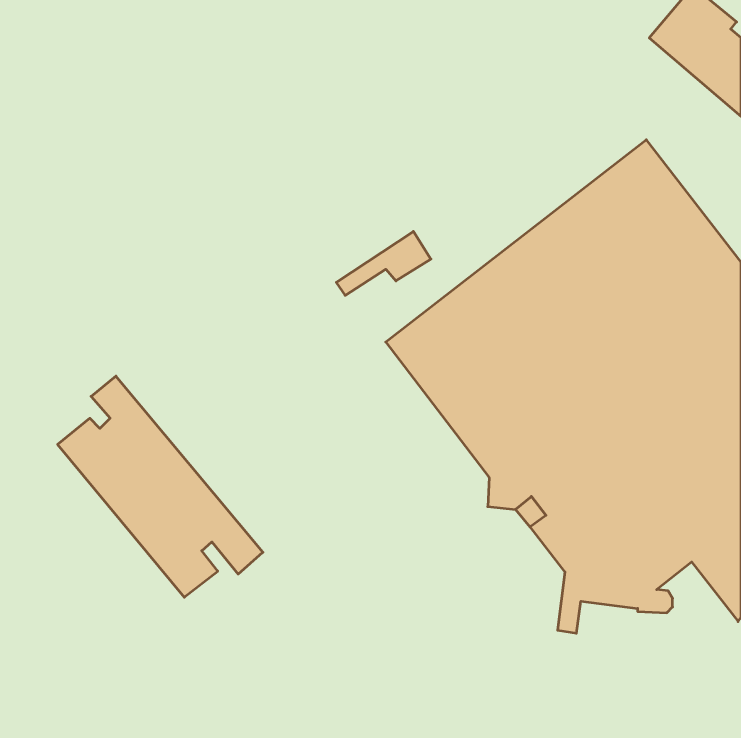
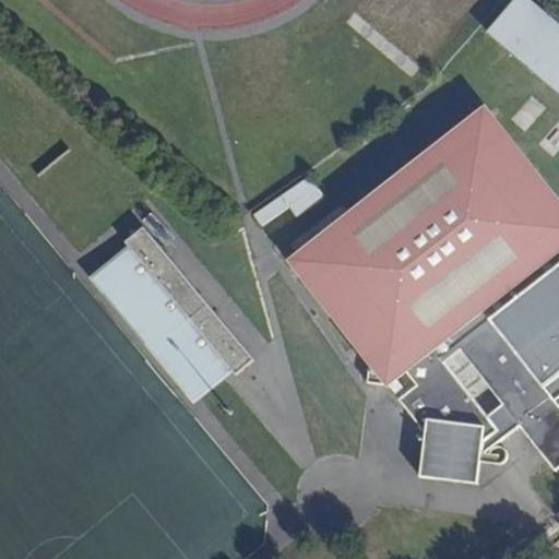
building: [58,376,263,597] -> [98,223,252,389]
building: none -> [432,451,478,479]

